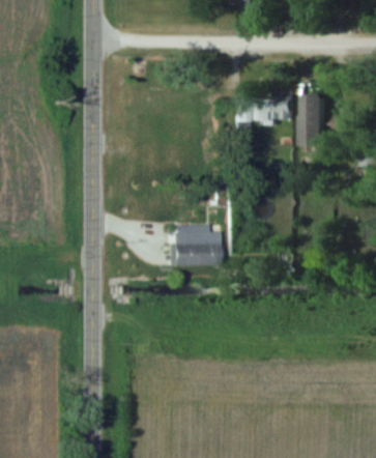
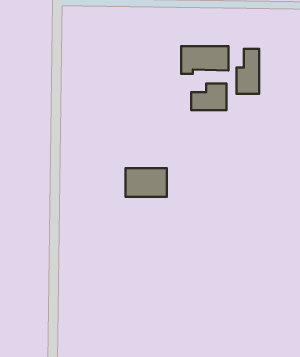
building: none -> [191,84,226,110]

